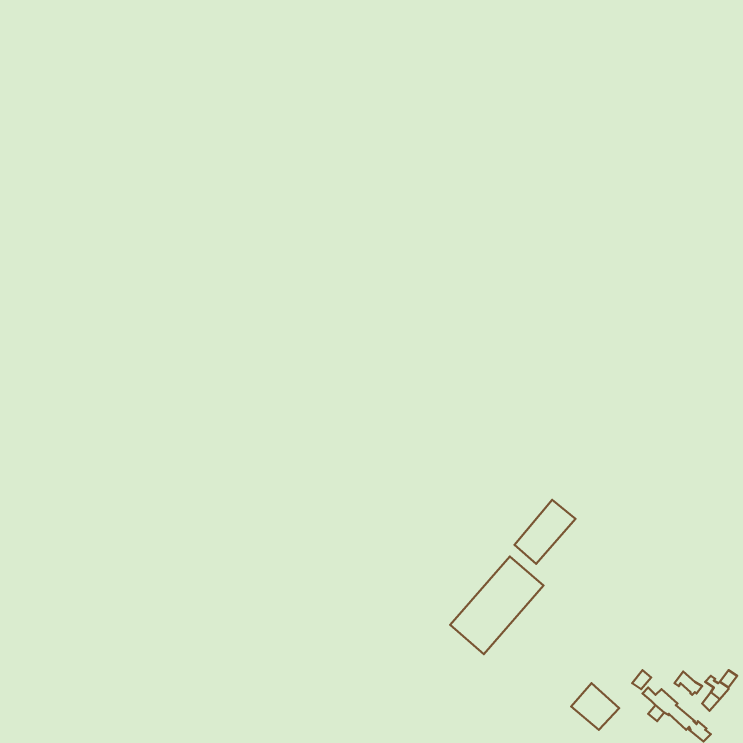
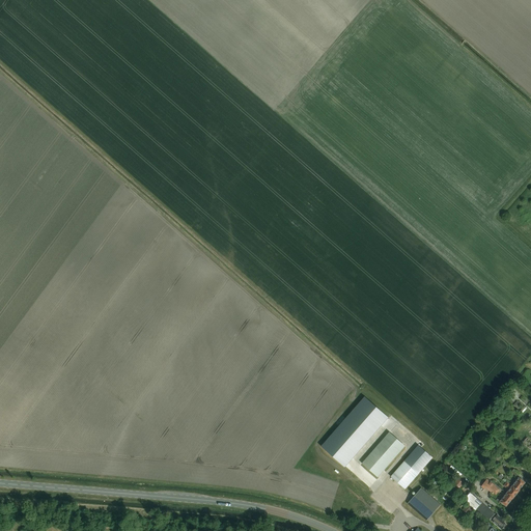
building: [514,500,576,564] -> [365,429,409,475]
building: none -> [389,444,431,488]

